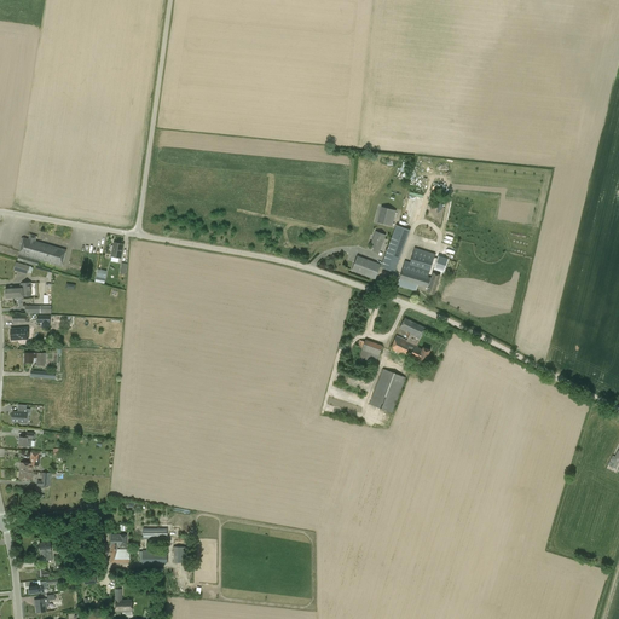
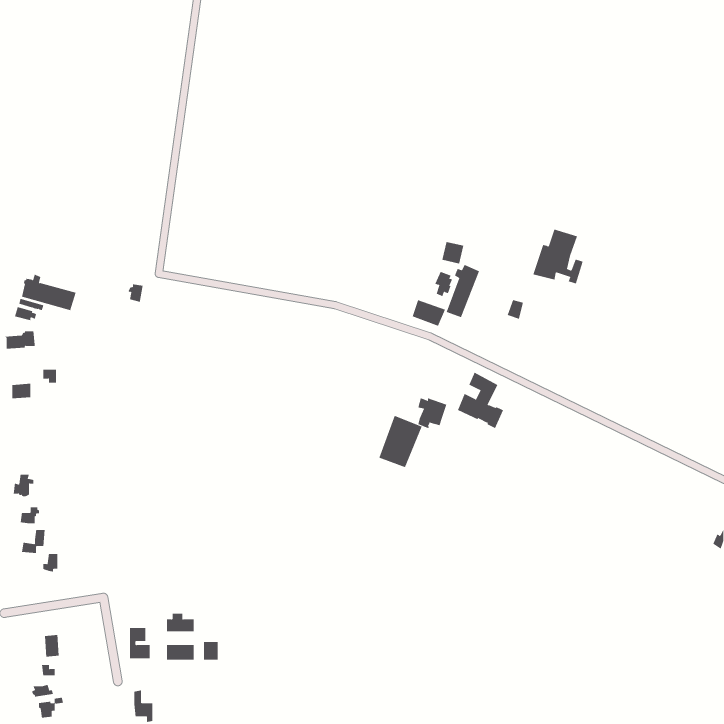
building: [395,247,439,294] -> [532,229,584,284]
building: [368,368,405,412] -> [378,415,422,468]

